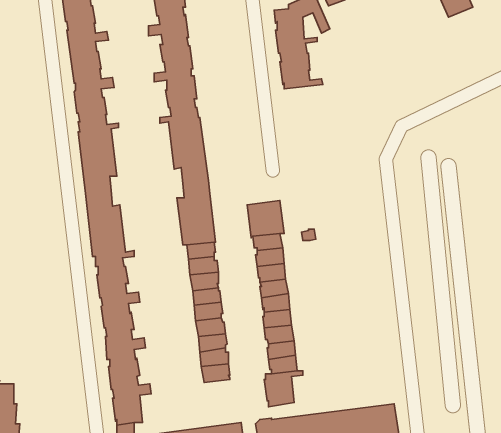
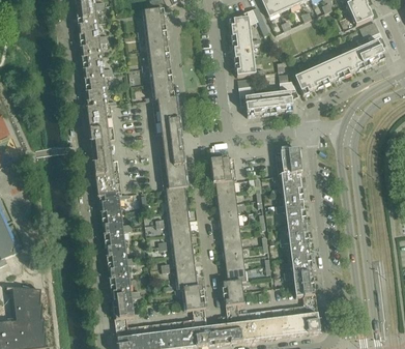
building: none -> [291,21,385,94]
building: none -> [237,72,298,116]
building: none -> [271,148,315,296]
building: none -> [174,285,205,310]

